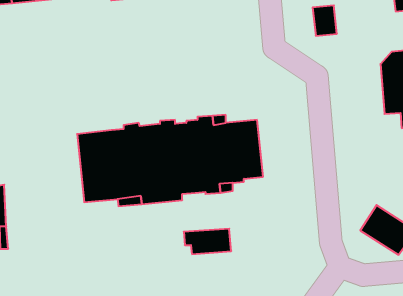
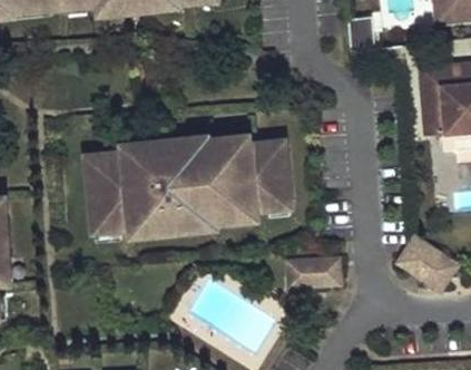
building: [184,229,231,254] -> [287,257,340,285]

